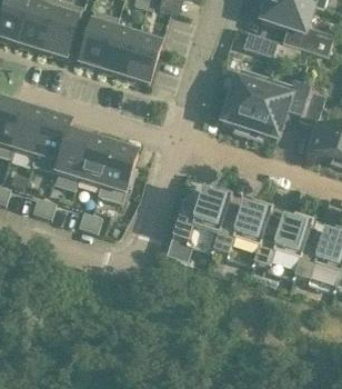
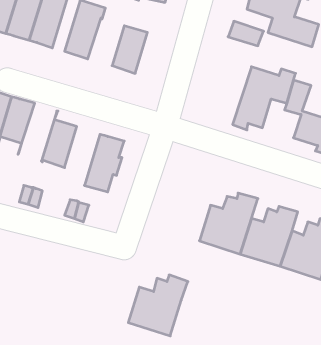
building: [101,28,138,76] -> none
building: [221,68,265,134] -> none
building: [31,113,70,171] -> none
building: [78,137,113,196] -> none
building: [171,190,231,251] -> [128,275,188,336]

